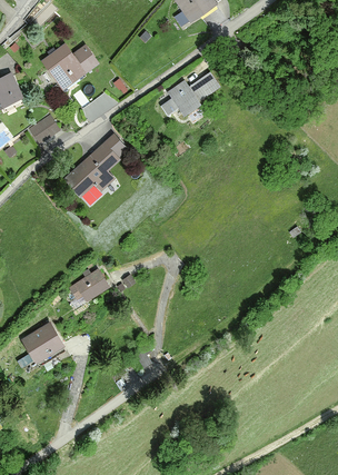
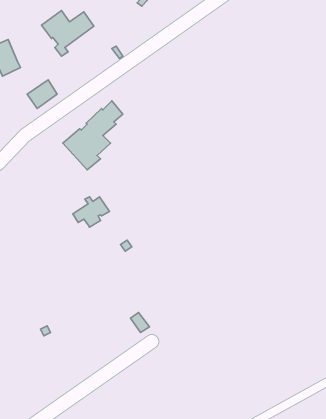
building: [160,71,219,116] -> none
building: [70,270,107,300] -> [73,197,109,227]
building: [23,324,61,359] -> none

